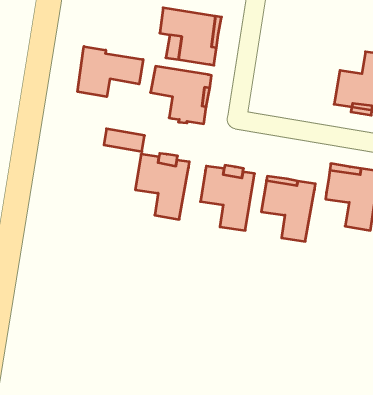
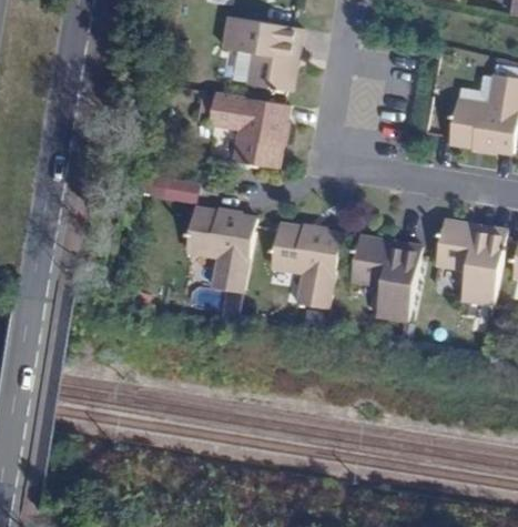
building: [78,46,143,97] -> none

